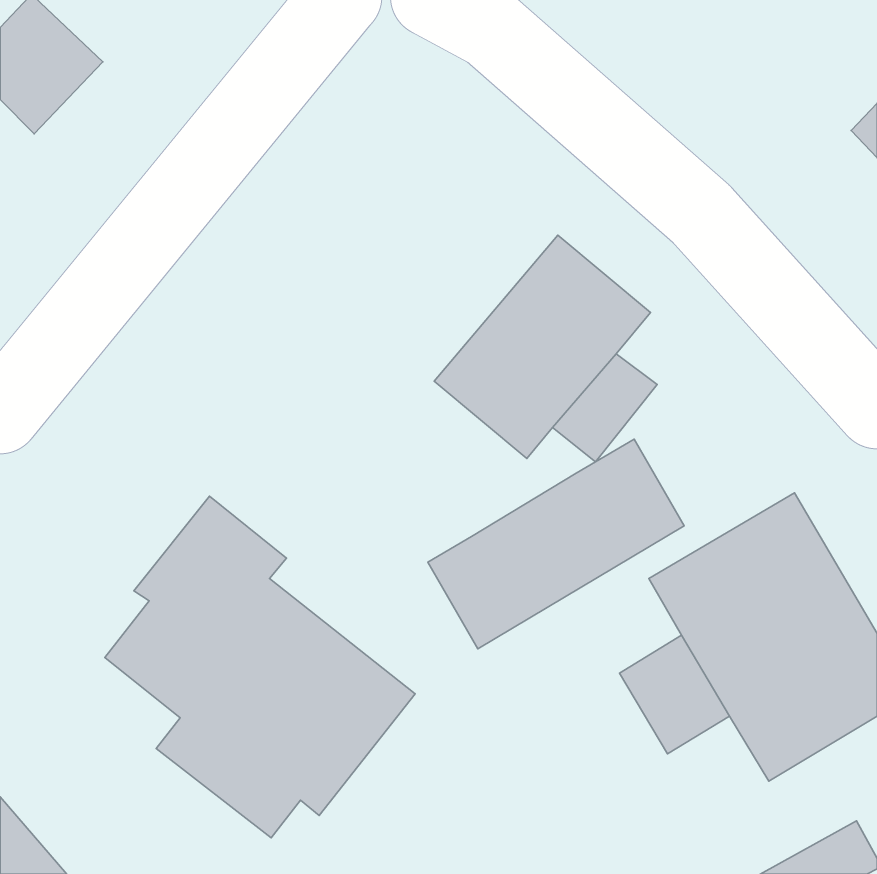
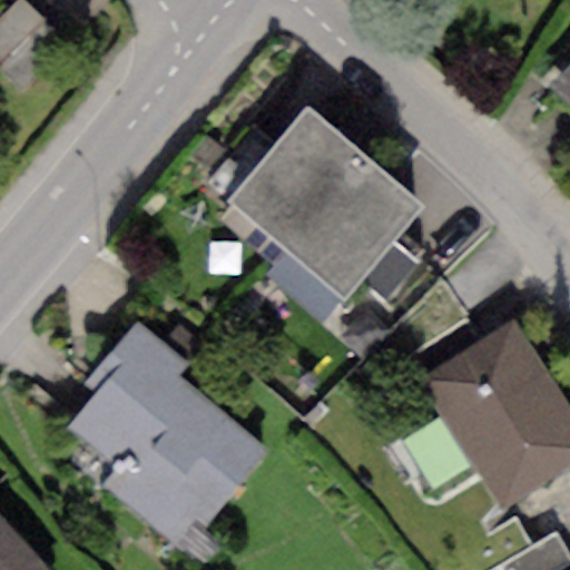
building: none -> [227,106,362,247]
building: [428,439,684,649] -> none

